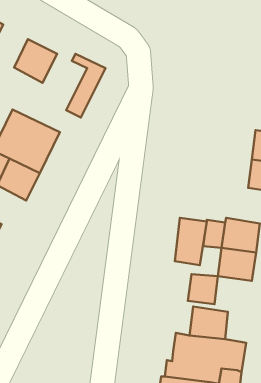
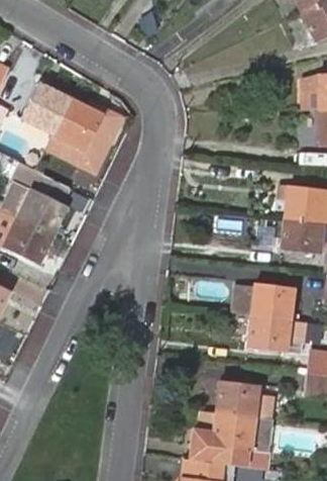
building: none -> [46,100,103,156]
building: [175,218,207,265] -> none
building: [188,274,218,304] -> none

